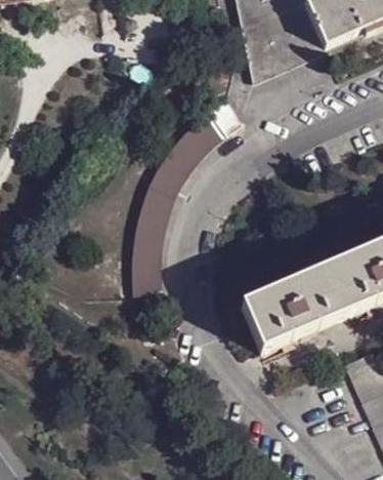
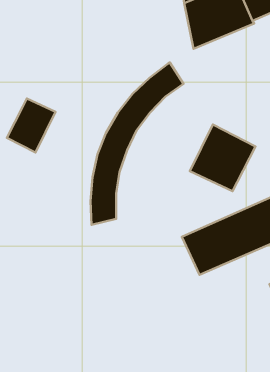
building: none -> [7,99,56,152]
building: none -> [190,125,256,191]

